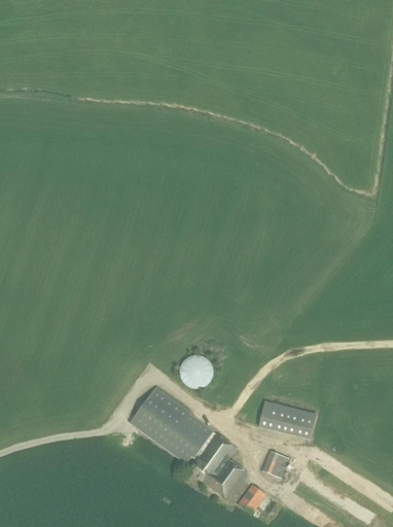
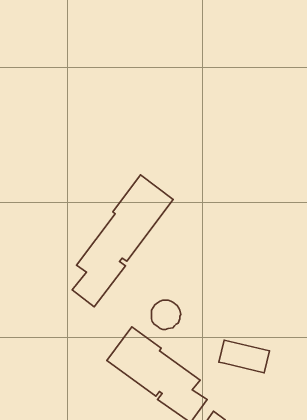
building: none -> [72,175,173,307]
building: [262,450,289,477] -> none

